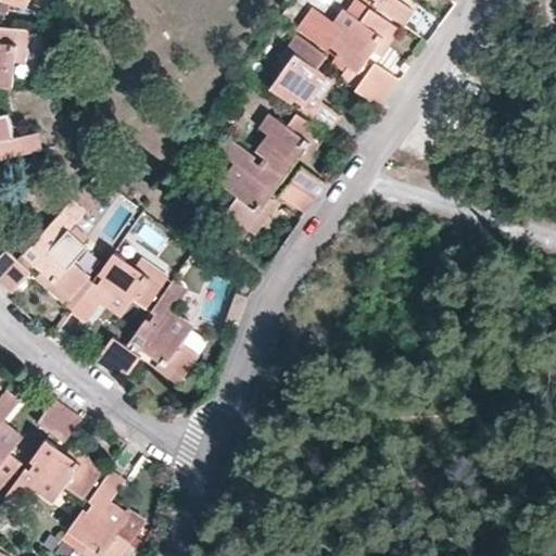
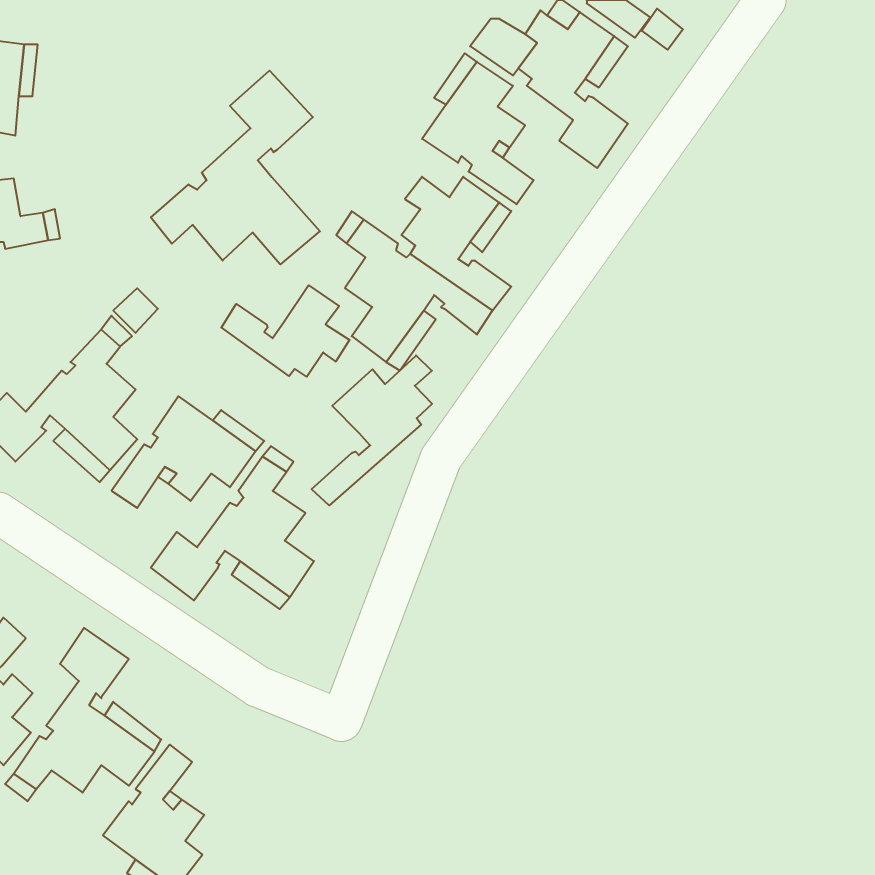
building: none -> [151,71,320,264]
building: none -> [221,285,350,377]
building: none -> [312,355,432,505]

